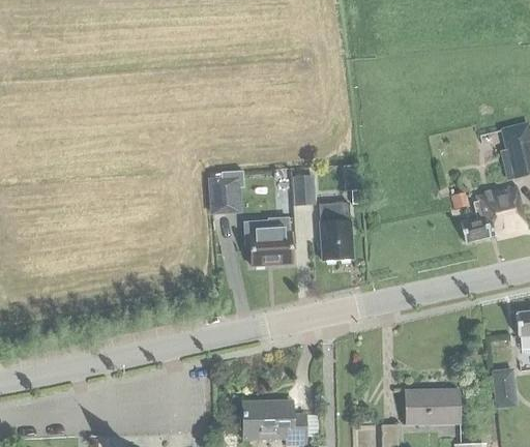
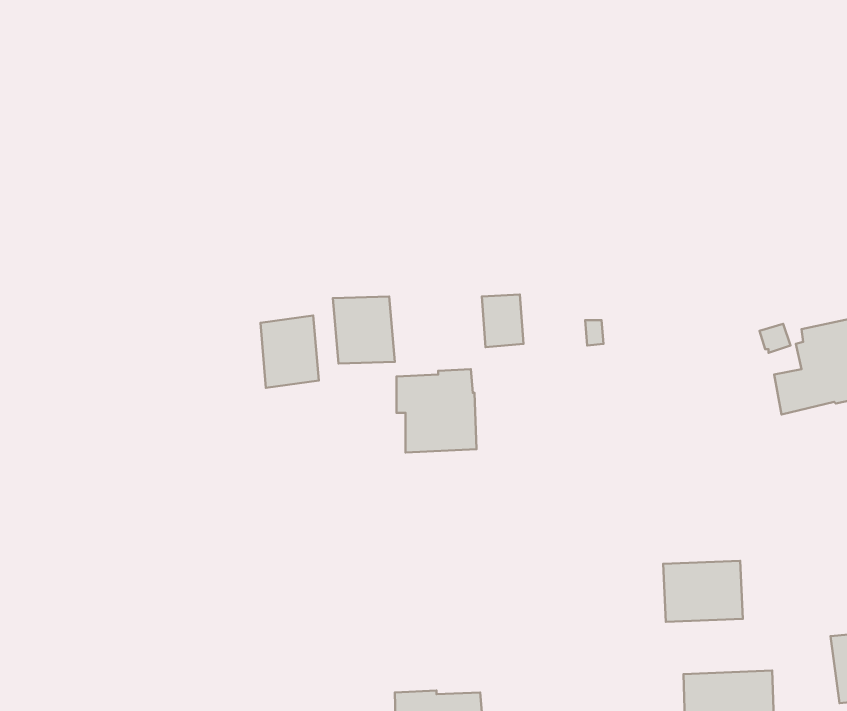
building: none -> [261,316,319,388]
building: [317,205,350,262] -> none
building: none -> [663,561,743,622]

